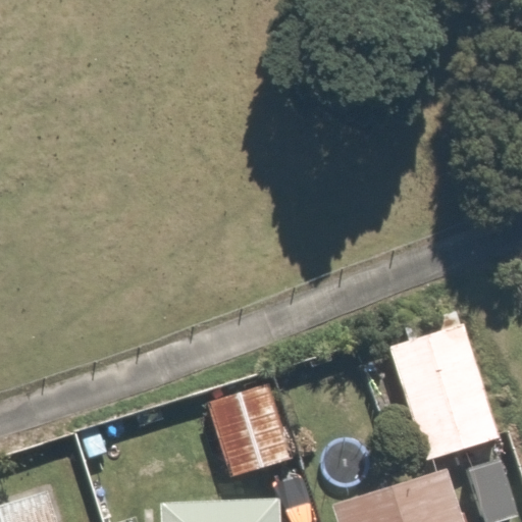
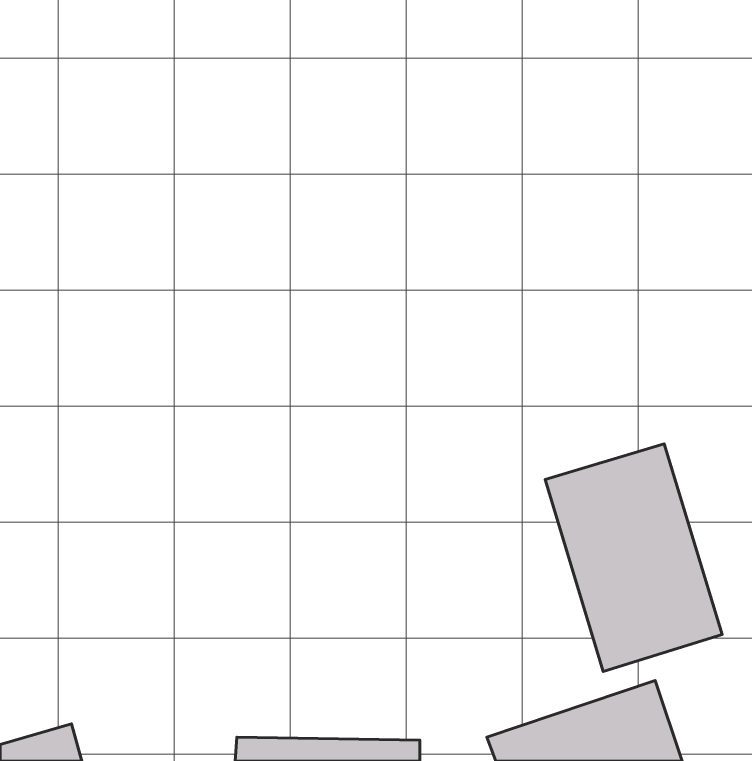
building: [197,378,290,484] -> none

